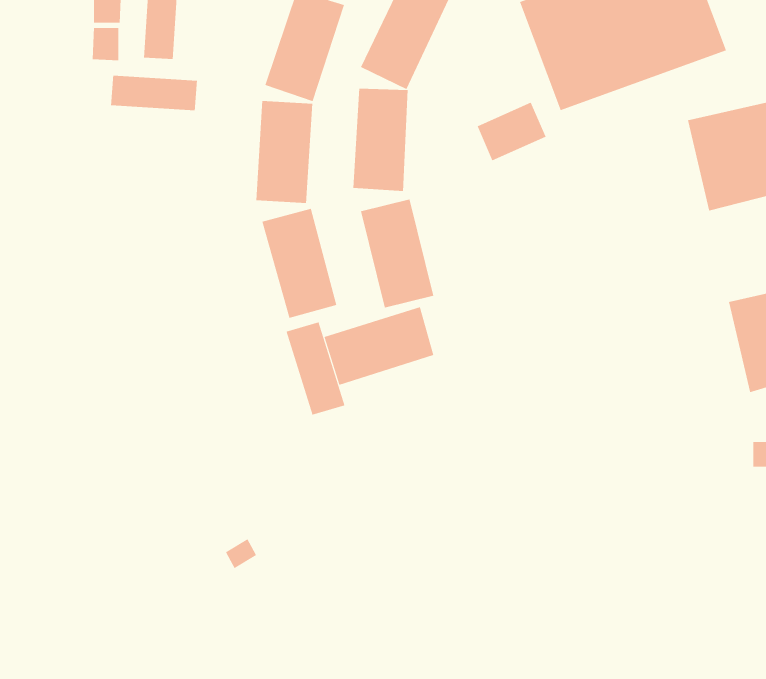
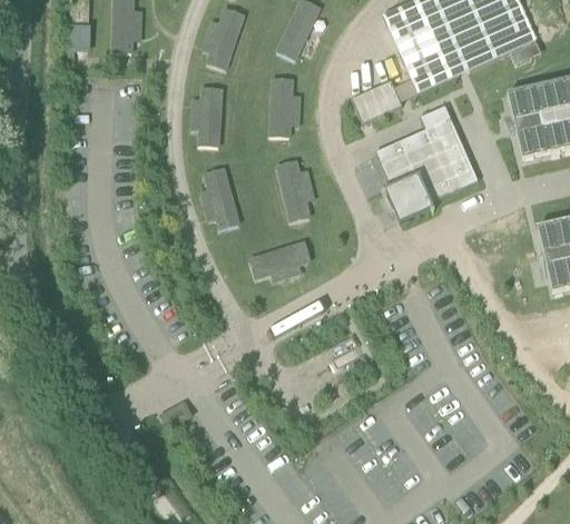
building: [110,75,198,111] -> none
building: none -> [375,105,479,220]
building: [286,321,345,416] -> none

